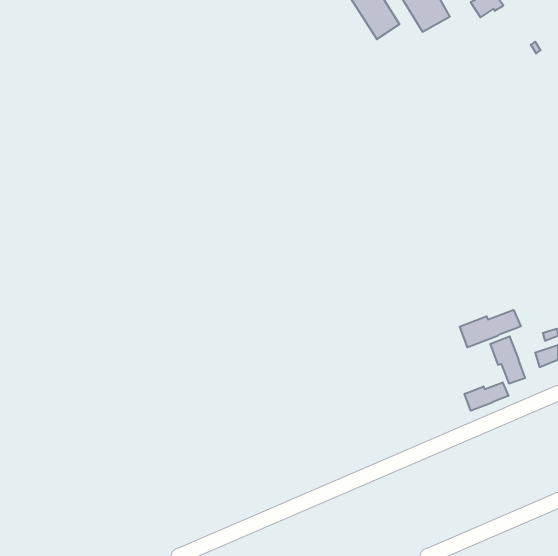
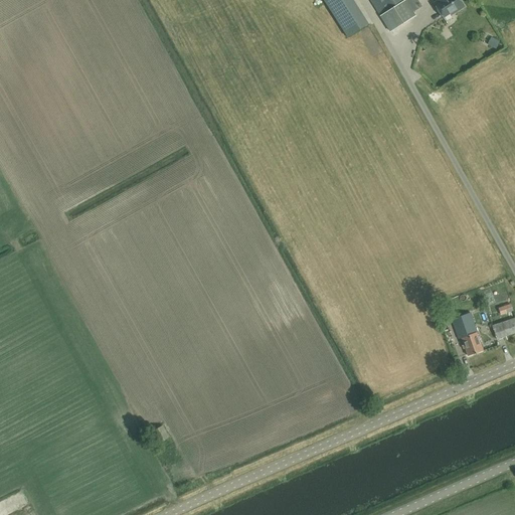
building: [460,310,521,347] -> none
building: [465,382,508,411] -> none

